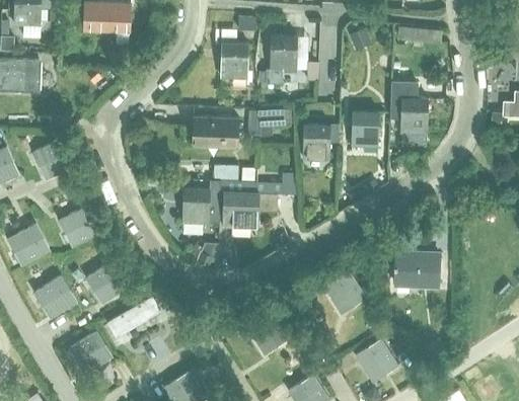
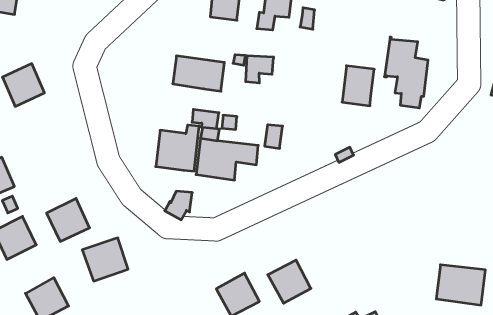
building: [303,125,329,160] -> none
building: [60,203,101,244] -> none
building: [395,252,439,287] -> [436,265,485,305]
building: [324,273,366,315] -> [268,260,311,303]

